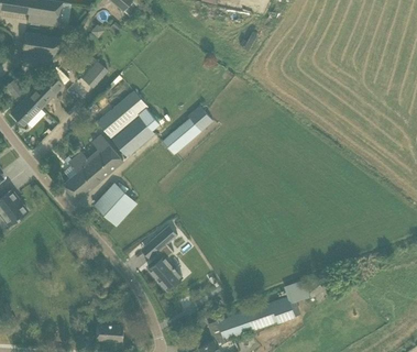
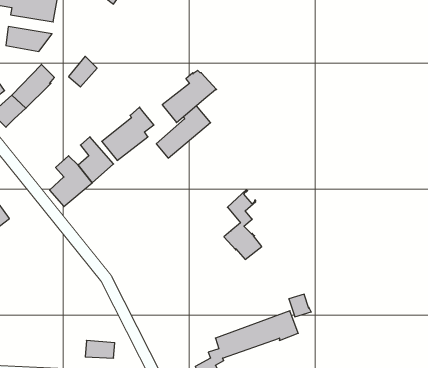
building: [97,89,147,138] -> [162,70,217,123]
building: [94,185,132,223] -> none
building: [146,224,182,289] -> [224,190,262,259]

